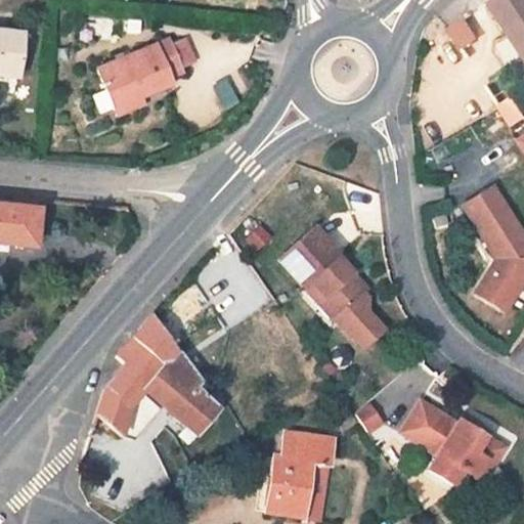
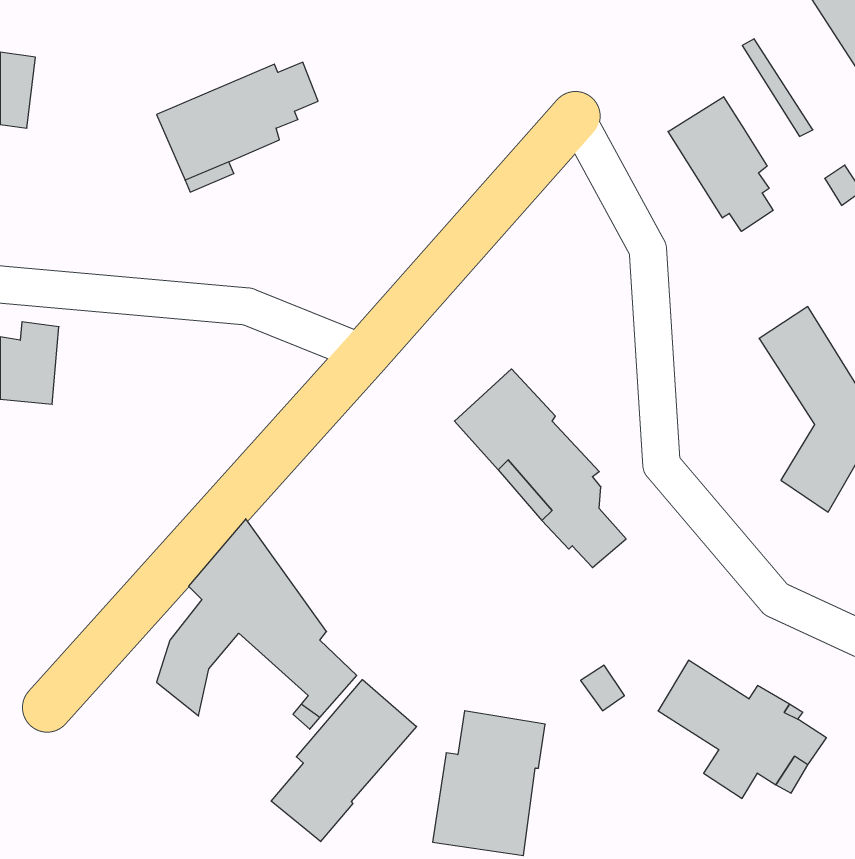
building: none -> [668,97,773,231]
building: none -> [271,680,417,842]

